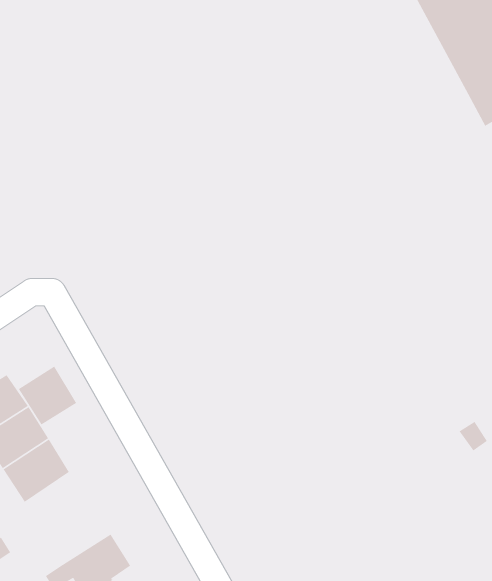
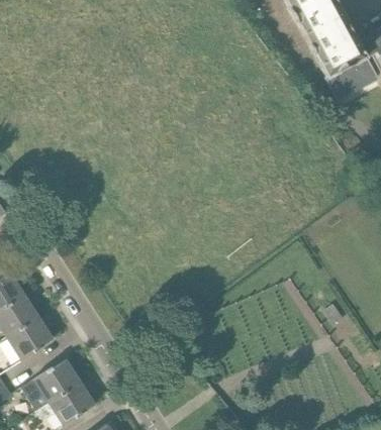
building: [18,366,77,425] -> none
building: none -> [31,358,80,402]

